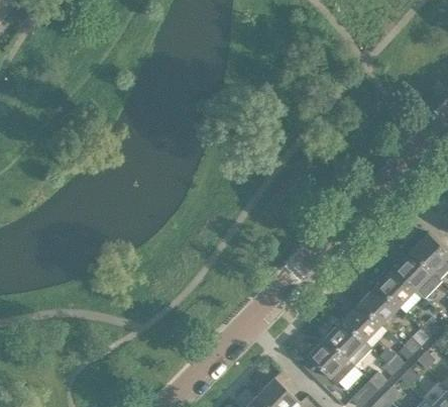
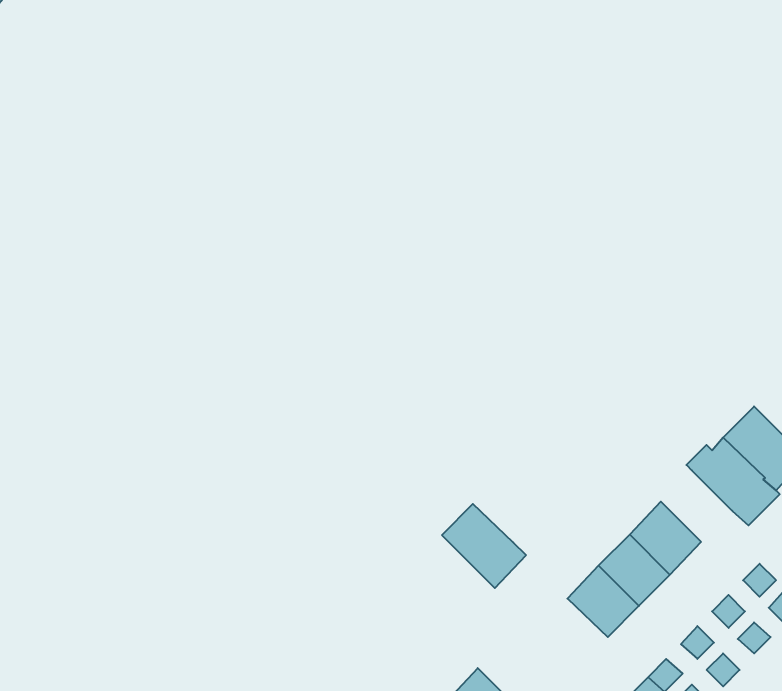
building: [375,268,415,307] -> none
building: [307,338,353,385] -> [442,504,526,588]

